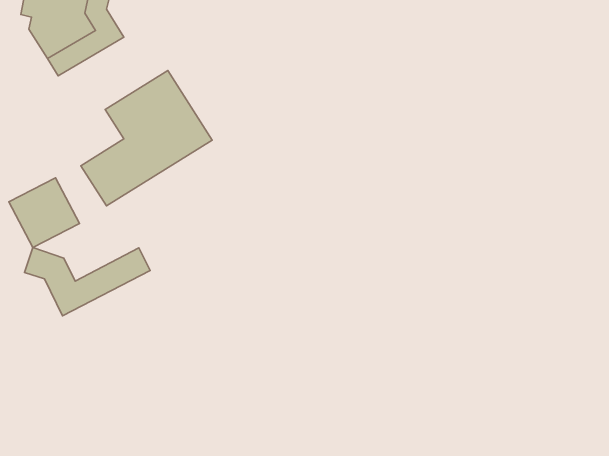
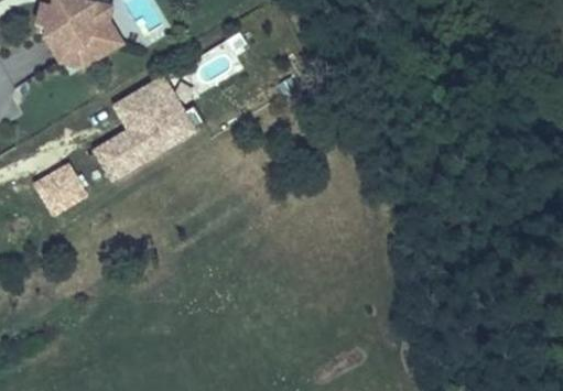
building: [25,247,150,316] -> none

